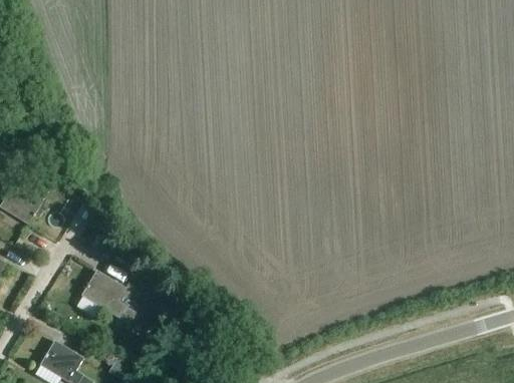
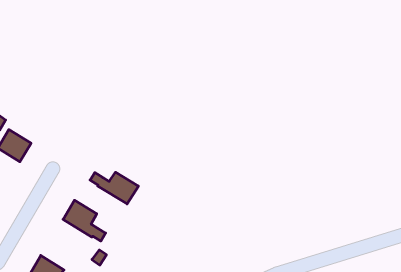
building: none -> [90,172,138,204]

